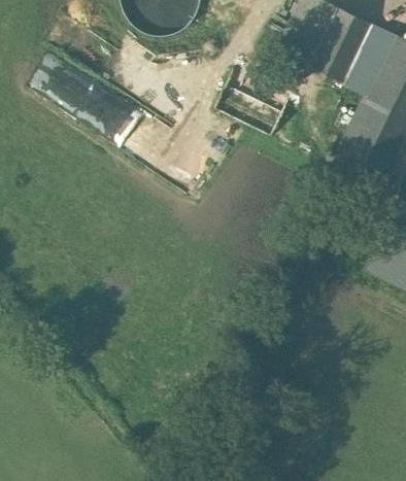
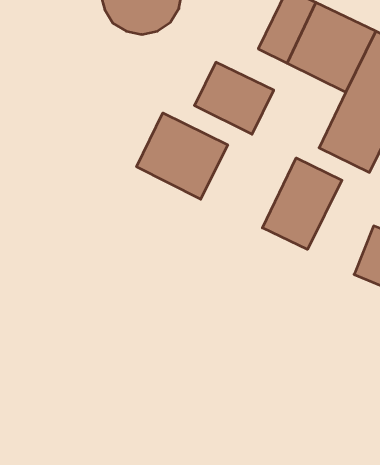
building: none -> [137,113,228,199]
building: none -> [262,158,342,249]

